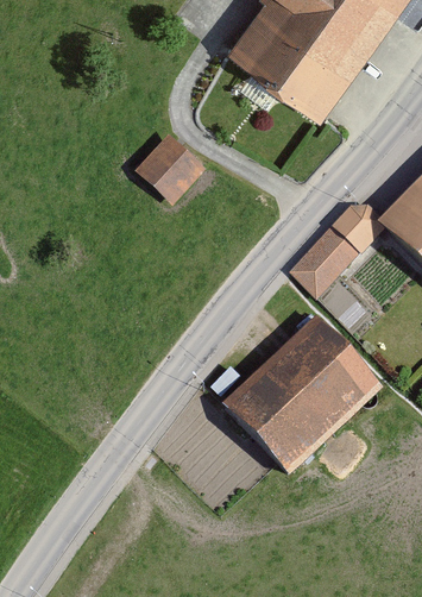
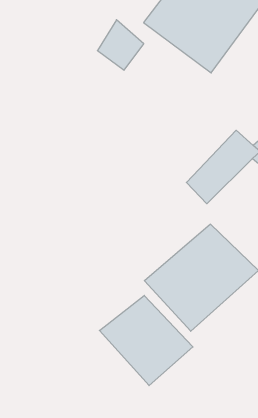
building: [138,128,202,199] -> [97,20,144,70]
building: none -> [99,295,193,386]

